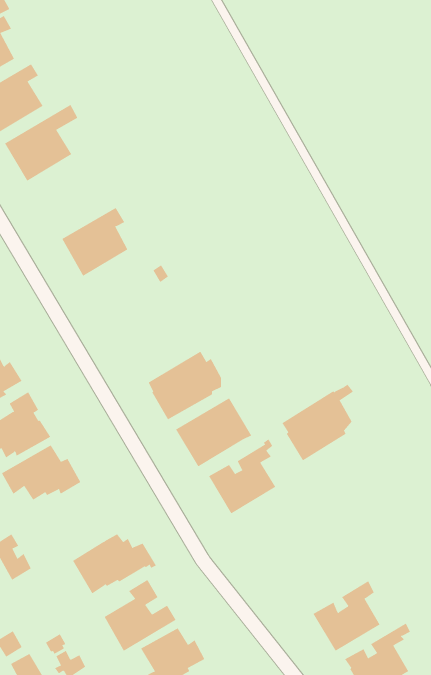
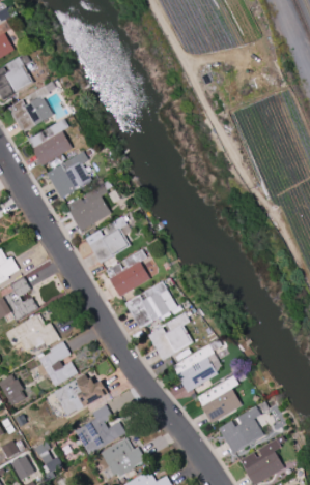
building: none -> [27,118,72,165]
building: none -> [65,179,113,232]
building: none -> [84,216,131,264]
building: [281,384,354,461] -> [172,340,222,393]
building: none -> [38,342,77,387]
building: none -> [196,375,241,424]

